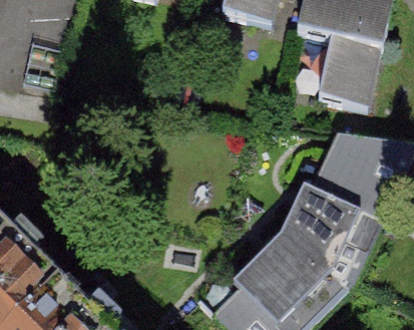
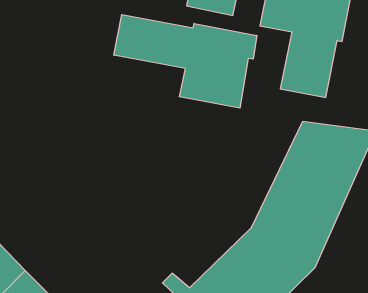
building: none -> [114,15,257,108]

